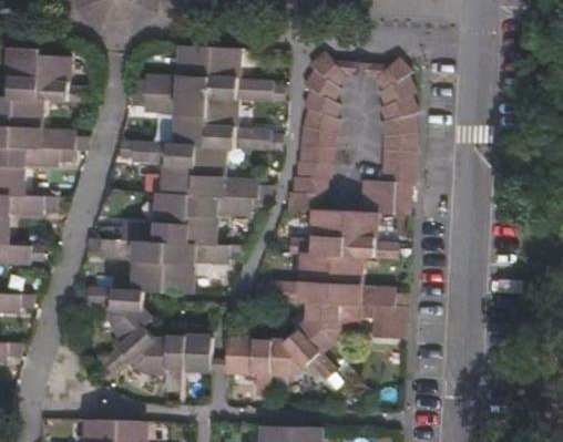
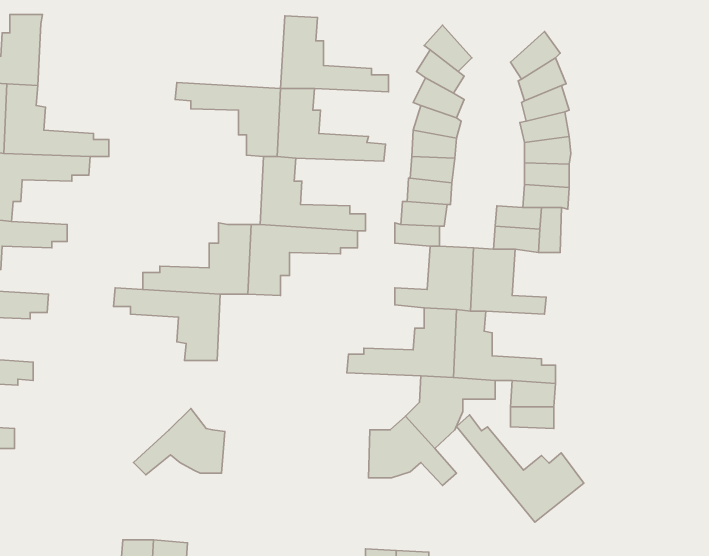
building: [134,44,212,96] -> none
building: [34,50,90,96] -> none
building: [120,141,196,194] -> none
building: [163,244,240,294] -> none
building: [89,289,152,341] -> none
building: none -> [456,415,584,522]
building: [166,338,213,392] -> none
building: [228,340,273,397] -> none

